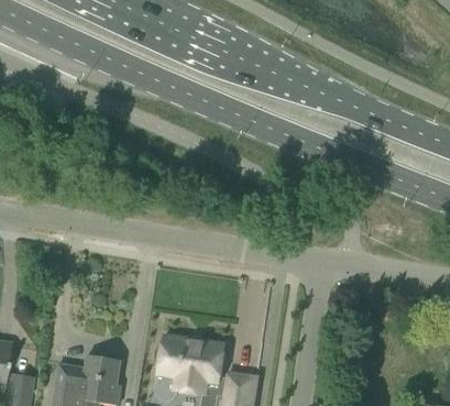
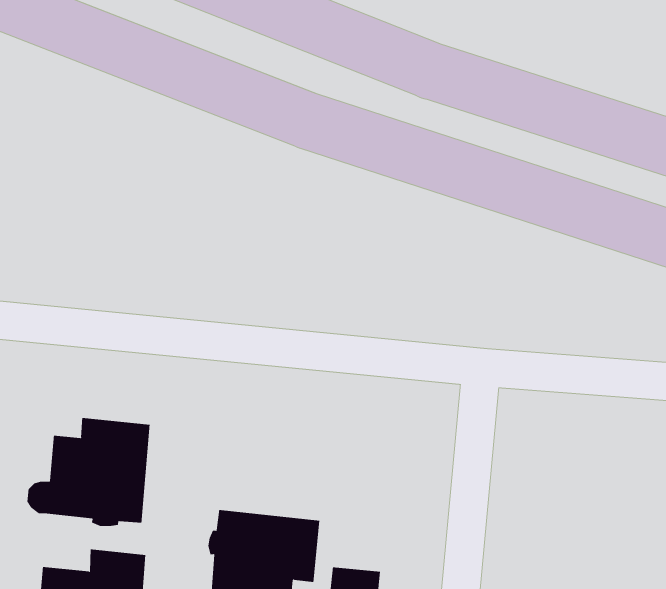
building: none -> [27,417,150,527]

